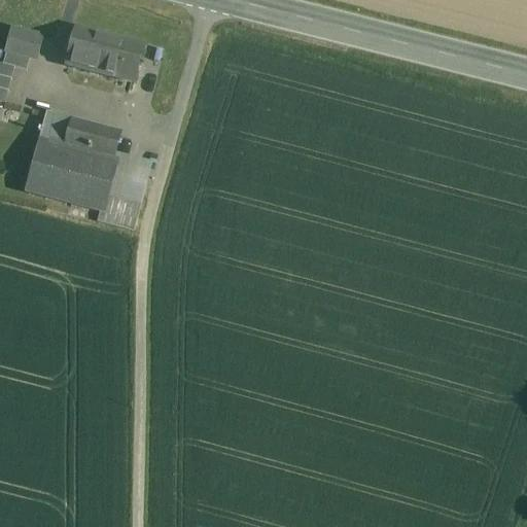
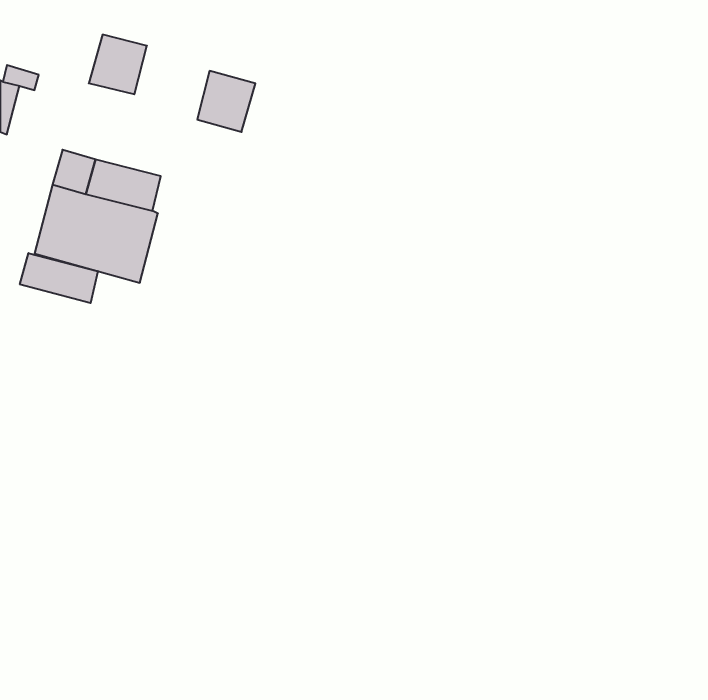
building: [5,25,36,56] -> none
building: [100,34,143,79] -> [197,71,255,132]
building: none -> [20,253,98,303]

